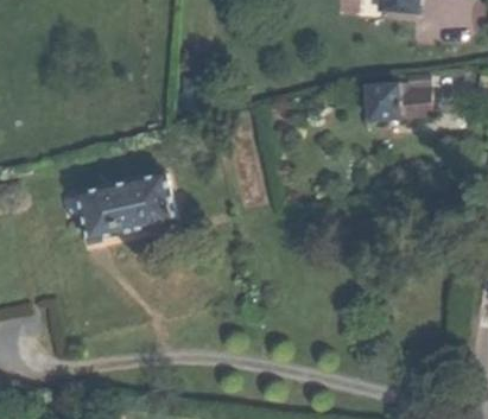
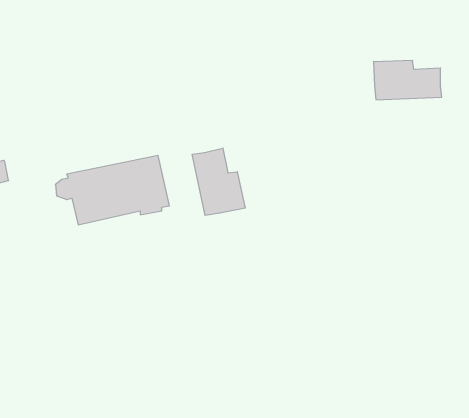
building: none -> [192,148,245,215]

